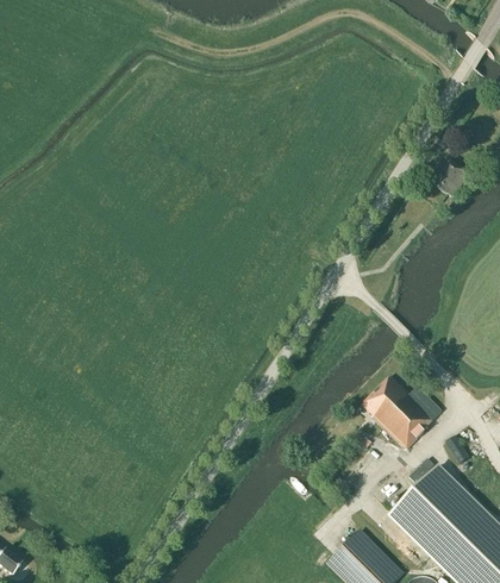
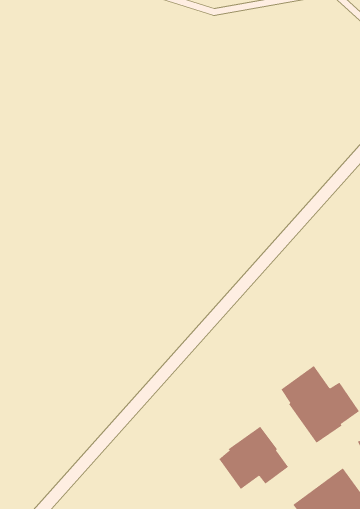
building: none -> [218,426,289,490]

